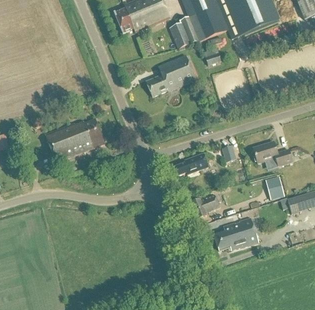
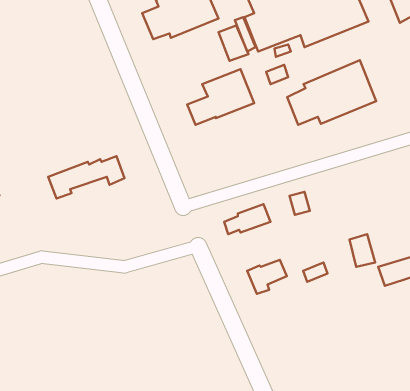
building: none -> [287,60,376,125]
building: [51,133,105,161] -> none
building: [254,140,292,166] -> none
building: [214,217,258,250] -> none

